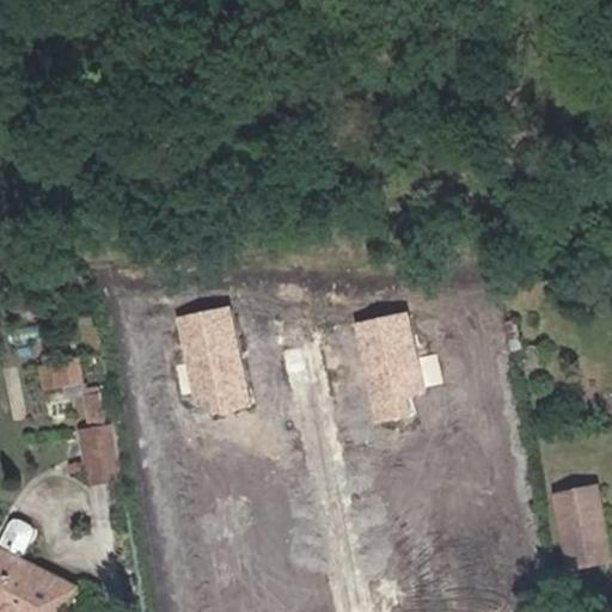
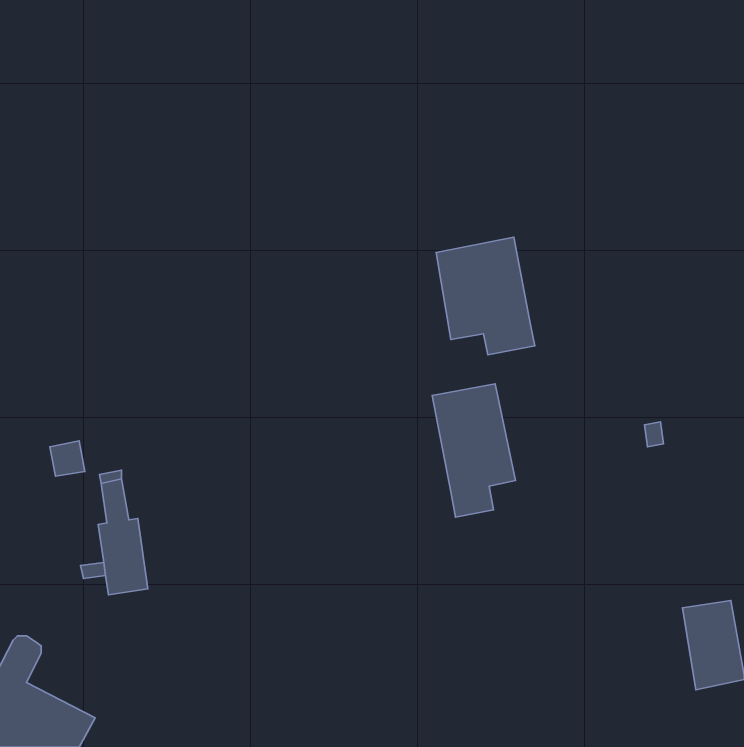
building: none -> [436,237,535,355]
building: [173,307,243,416] -> none

